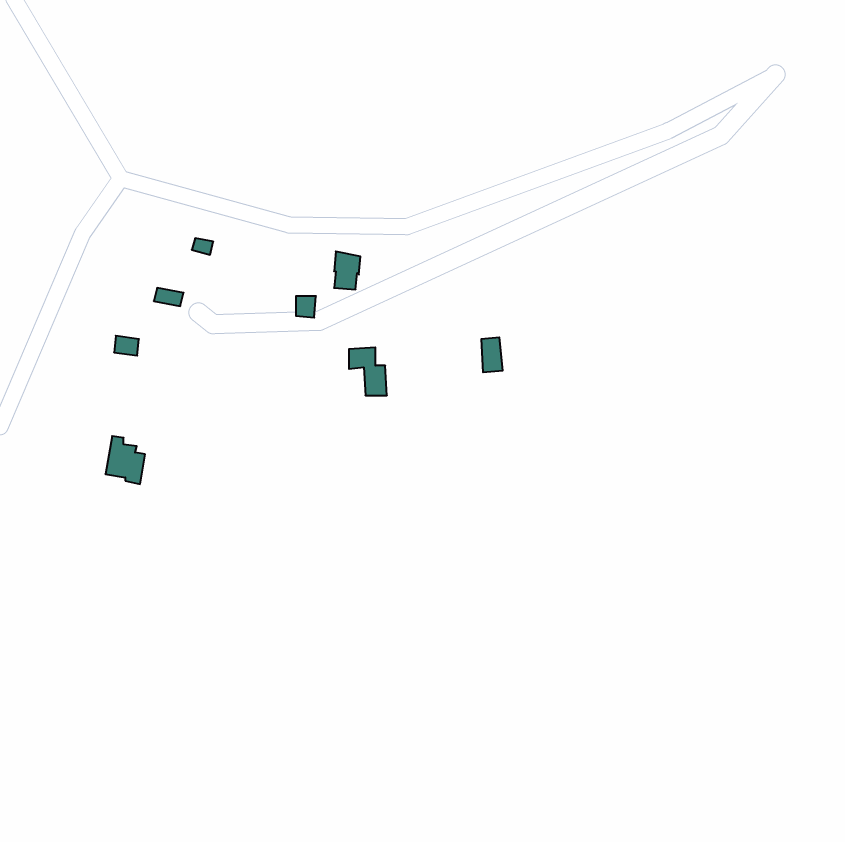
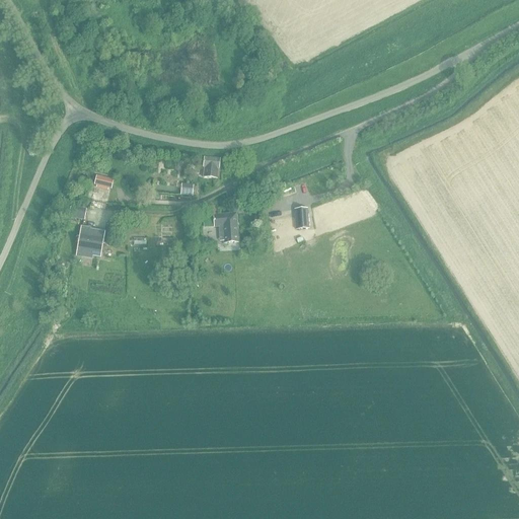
building: [105,436,145,484] -> [78,226,102,255]

